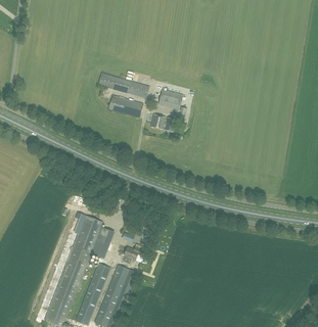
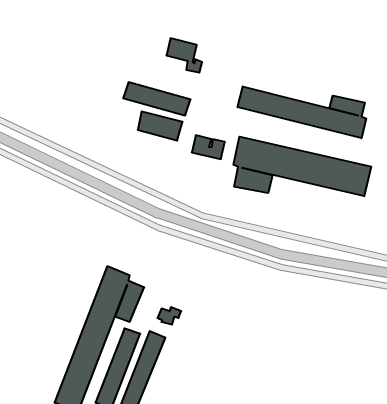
building: none -> [238,86,366,138]
building: [157,90,185,116] -> [166,38,202,73]
building: none -> [234,137,371,196]

